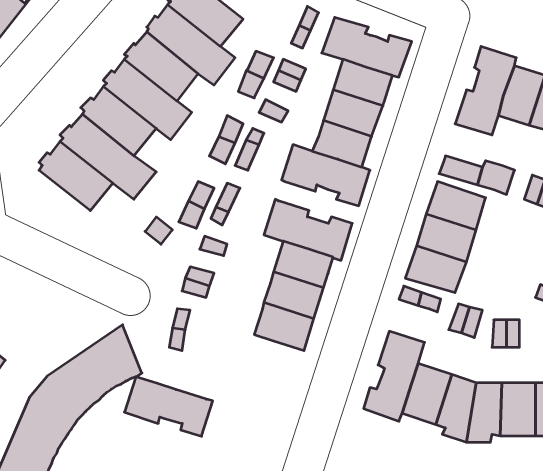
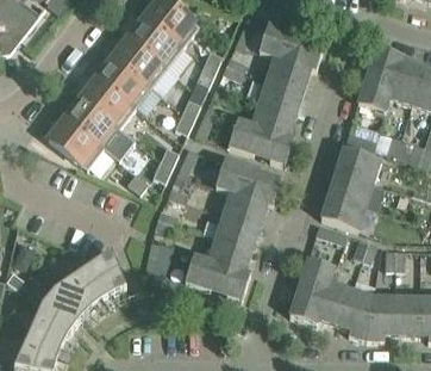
building: [124,377,213,436] -> [185,254,250,298]

